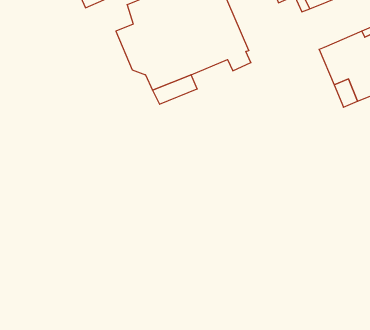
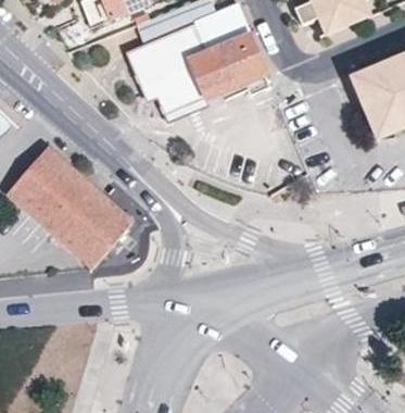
building: none -> [8,150,135,270]

